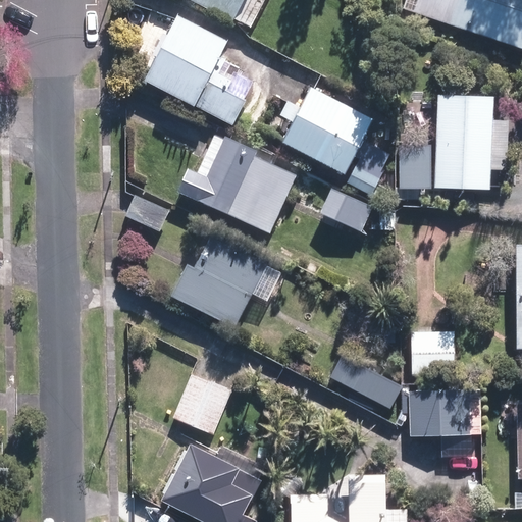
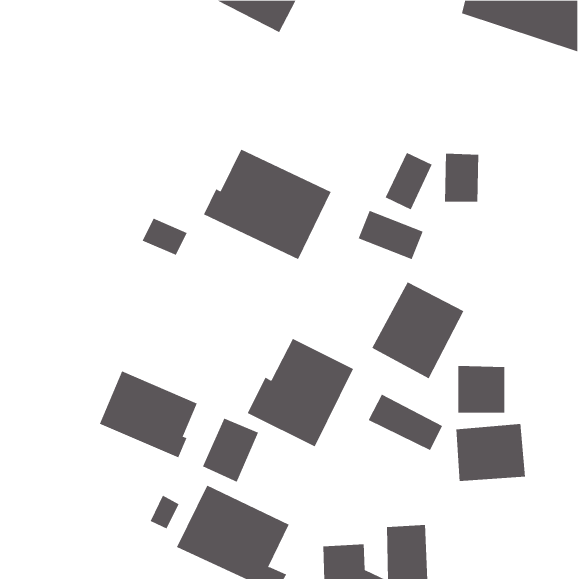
building: [147,18,253,123] -> none
building: [280,84,370,168] -> none
building: [435,97,490,190] -> none
building: [175,231,271,329] -> [247,338,354,447]
building: none -> [371,282,464,379]
building: none -> [99,370,197,458]

